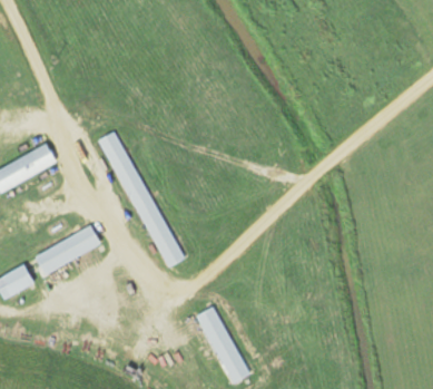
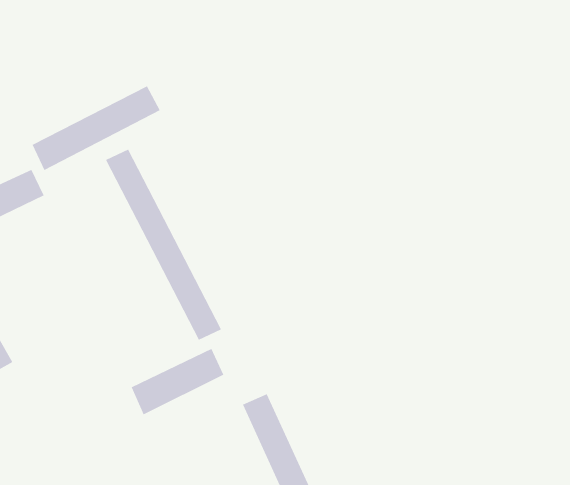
building: none -> [32,85,161,171]
building: [35,226,101,274] -> [131,348,224,415]

